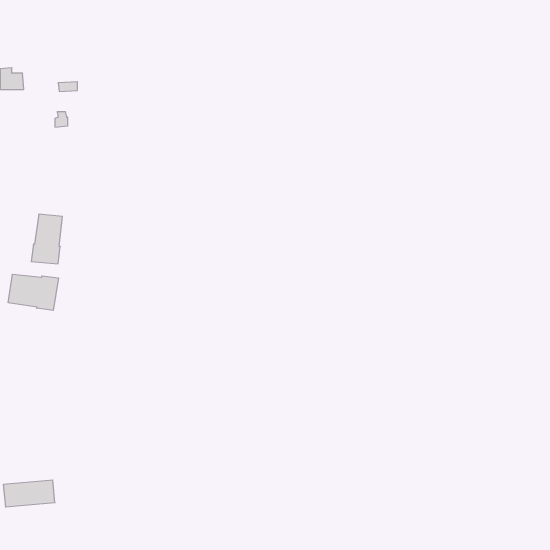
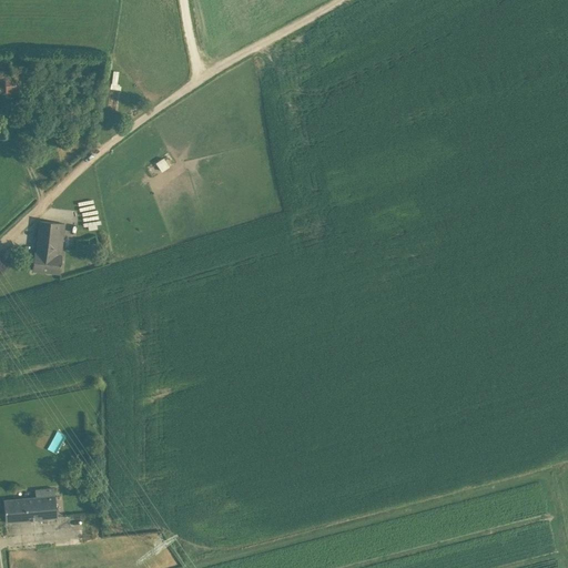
building: [8,274,58,310] -> none

